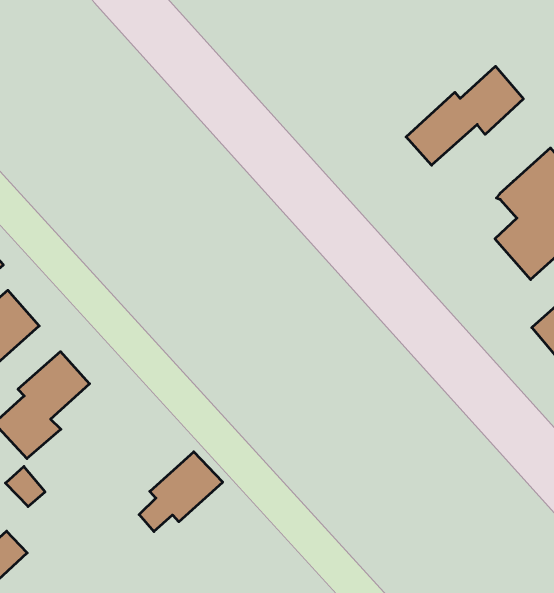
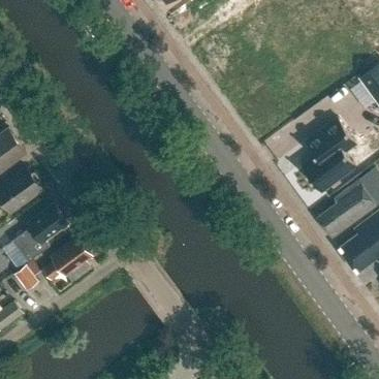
building: [406,66,523,165] -> none
building: [139,452,223,532] -> [44,238,93,280]

